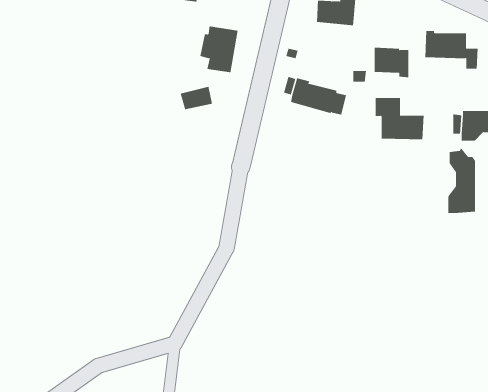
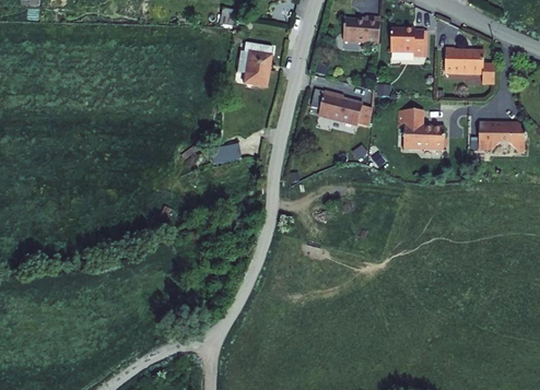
building: [374,47,409,78] -> [391,28,424,57]
building: [180,86,213,110] -> [210,142,240,164]
building: [448,147,476,214] -> none

